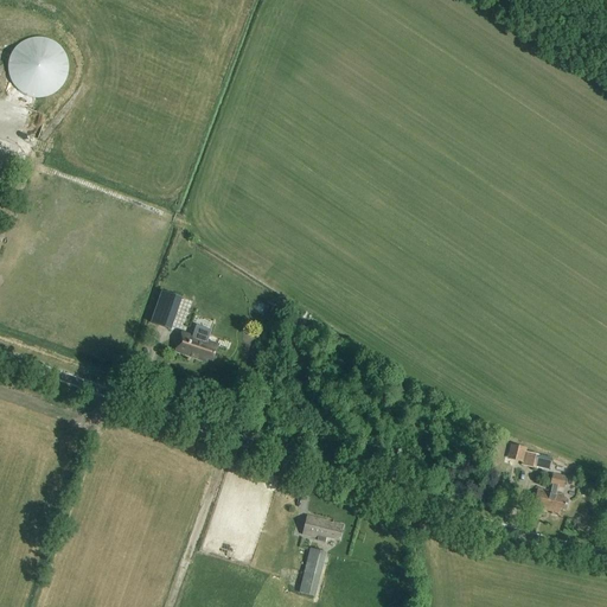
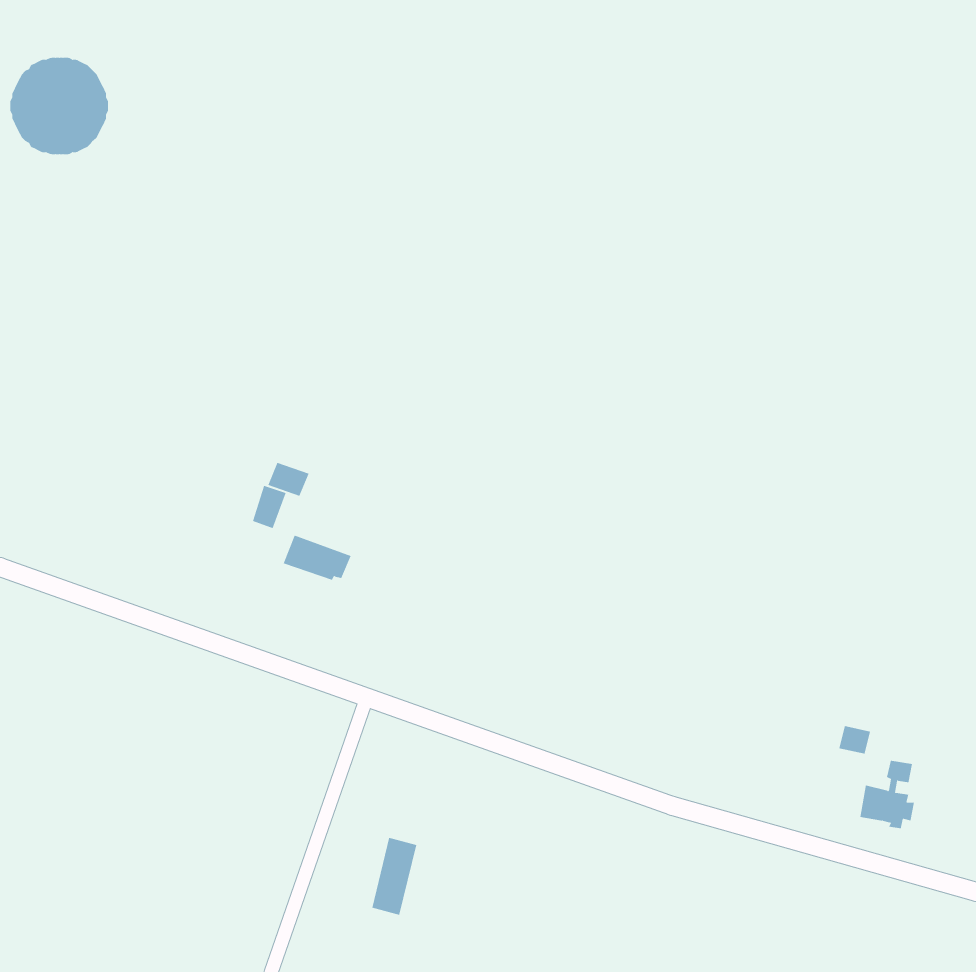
building: [302,516,344,539] -> none
building: [299,547,327,595] -> [371,837,417,915]

